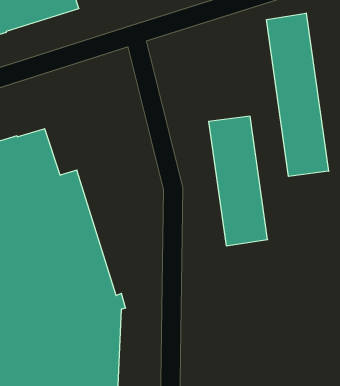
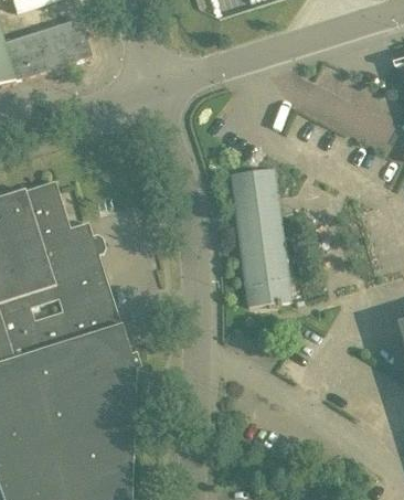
building: [267,13,329,176] -> none

